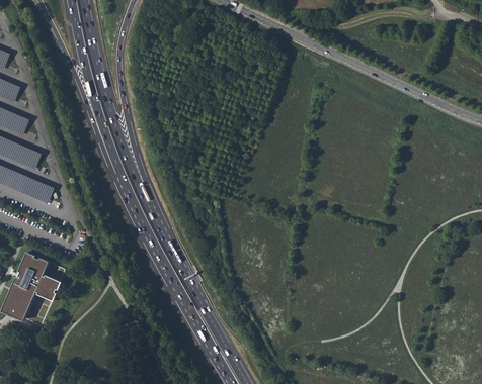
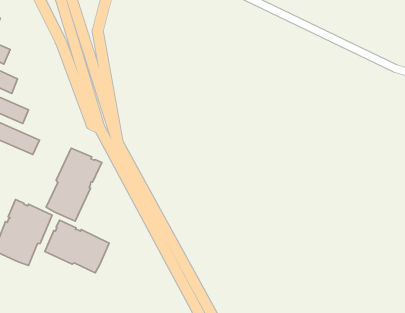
building: none -> [46,148,102,221]
building: none -> [45,220,109,273]

